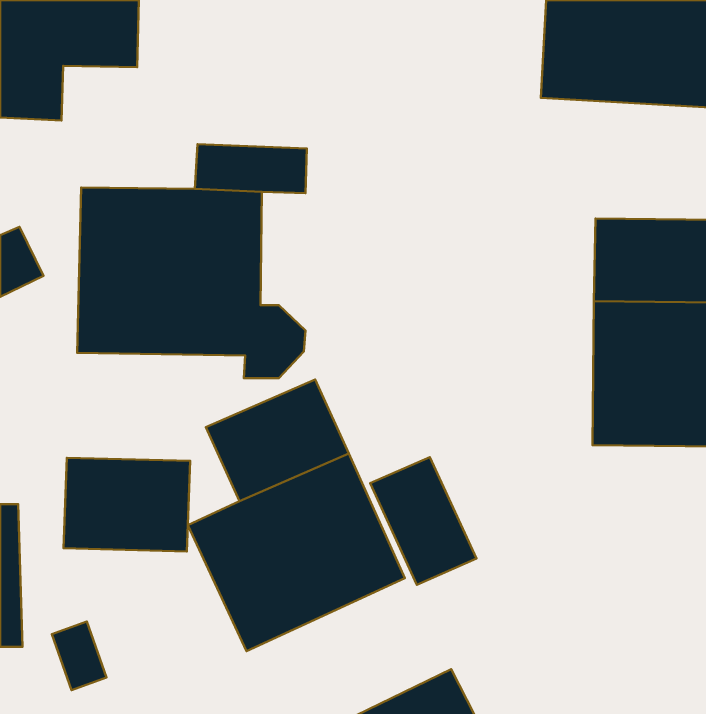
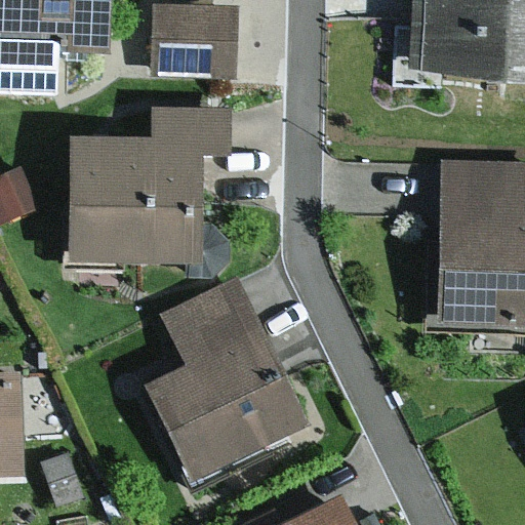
building: none -> [154,5,238,78]
building: [370,457,476,585] -> none
building: [63,458,190,551] -> none

